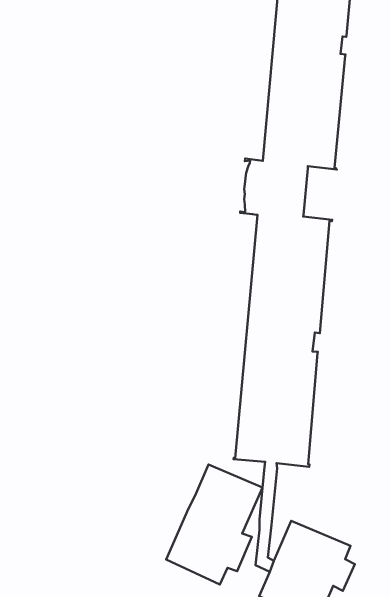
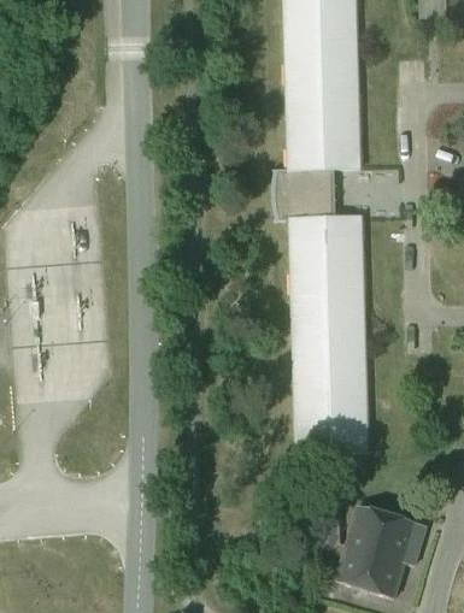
building: [166,465,263,585] -> none

